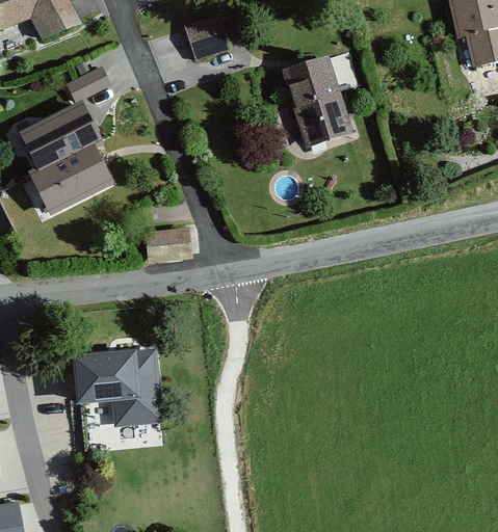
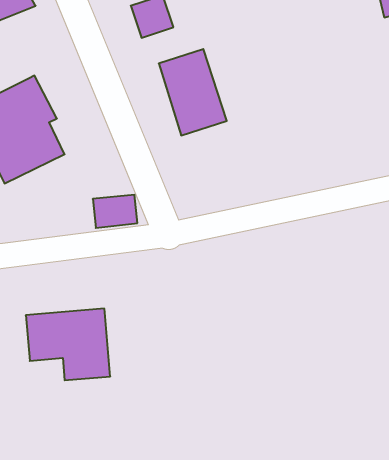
building: [281,55,353,148] -> [159,49,227,135]
building: [65,65,111,103] -> none

